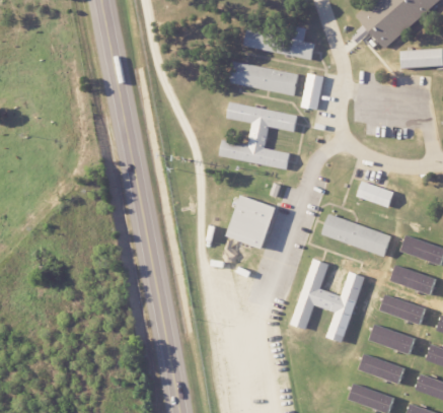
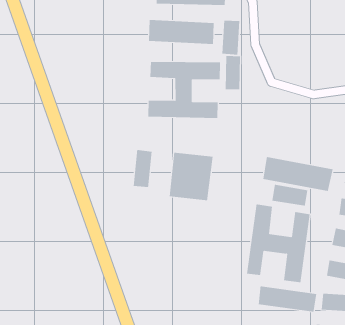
building: none -> [225,55,240,90]
building: [356,181,393,207] -> [272,184,308,206]
building: none -> [133,149,152,188]
building: none -> [258,286,317,312]

